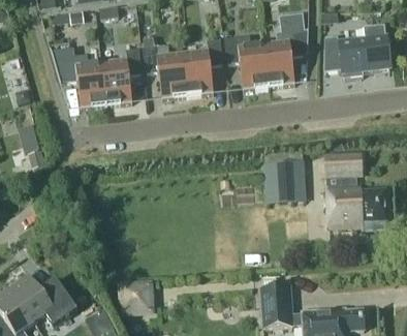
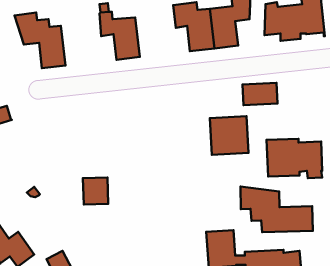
building: [182,38,222,95] -> none
building: [100,48,142,104] -> none
building: [323,152,362,177] -> [242,83,277,105]
building: none -> [241,186,313,232]
building: [122,281,150,311] -> [83,177,108,205]

